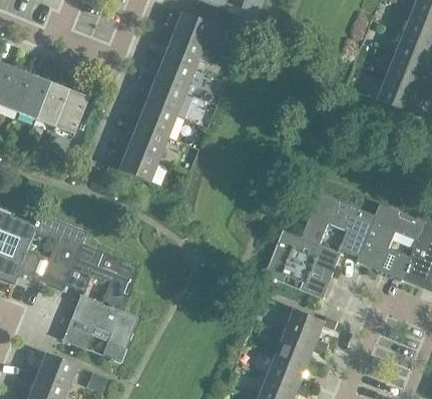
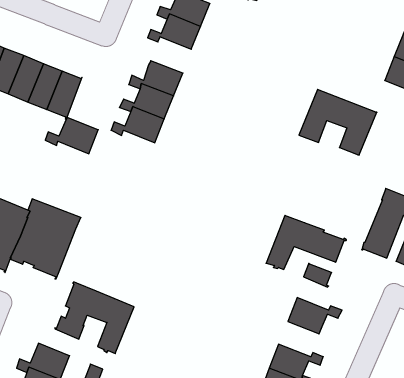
building: [141,56,192,91] -> none
building: [106,146,157,181] -> [45,117,98,154]
building: [302,191,377,255] -> [299,89,377,155]
building: [65,242,136,309] -> none
building: [277,331,329,365] -> none

